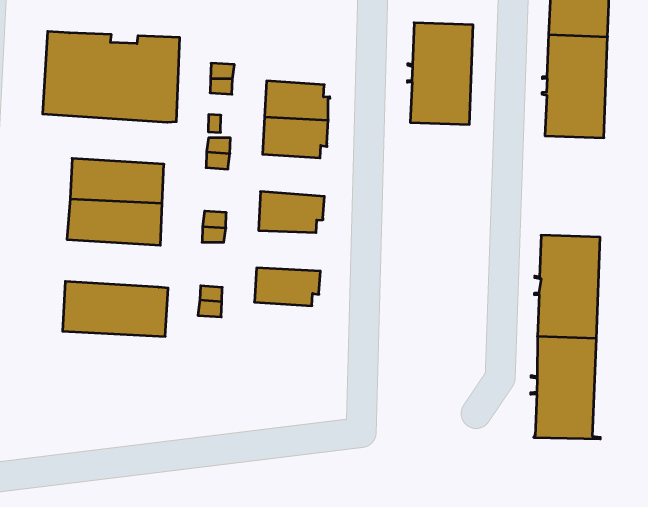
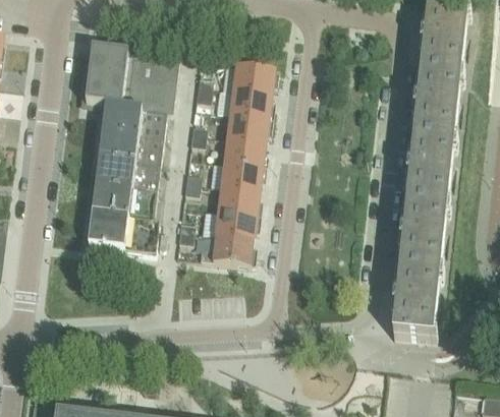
building: [407,23,473,124] -> [406,132,452,201]
building: none -> [233,58,277,88]
building: none -> [85,95,166,133]
building: none -> [224,131,268,162]
building: none -> [218,181,262,211]
building: none -> [92,178,156,214]
building: none -> [200,228,256,258]

